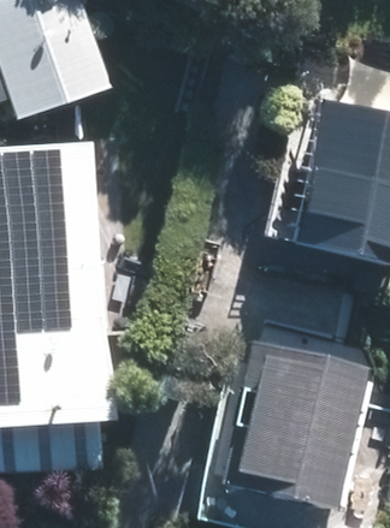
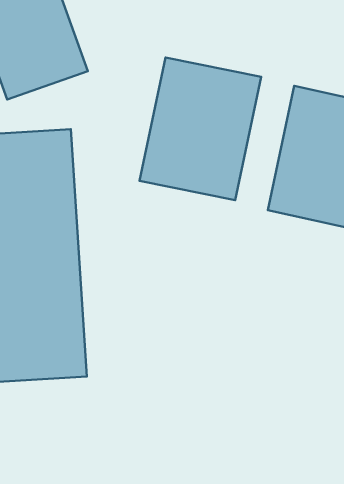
building: none -> [140,57,261,200]
building: [231,346,370,505] -> none

